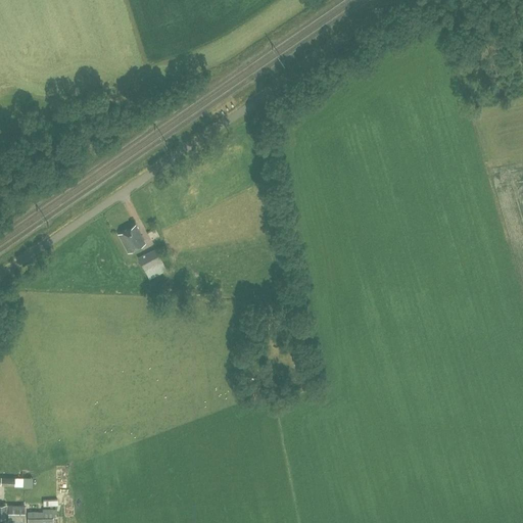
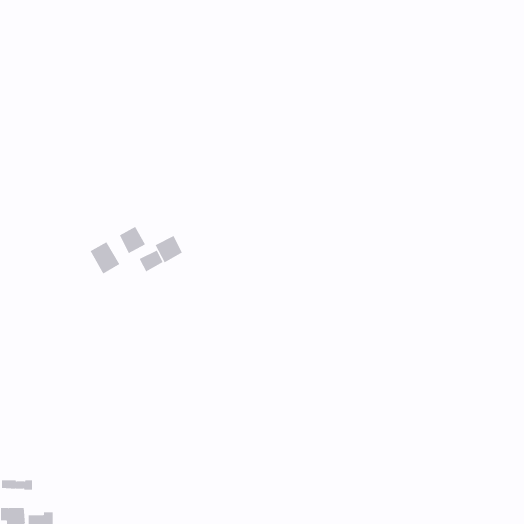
building: none -> [155,235,183,263]
building: none -> [90,242,120,275]

